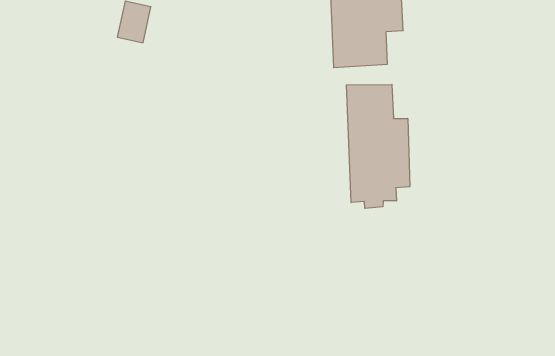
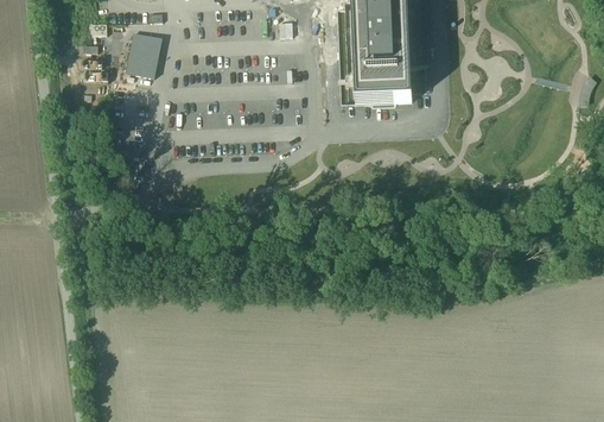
building: [346,84,410,208] -> none

